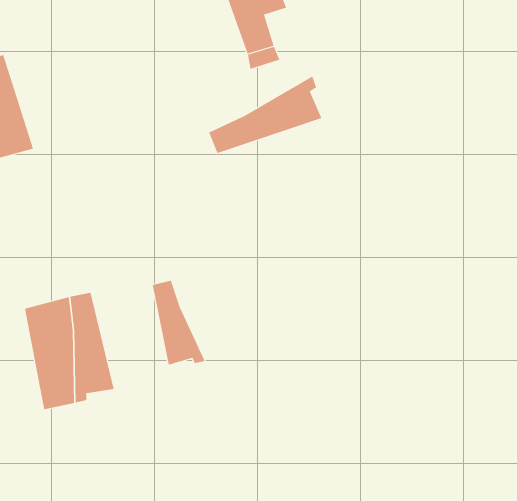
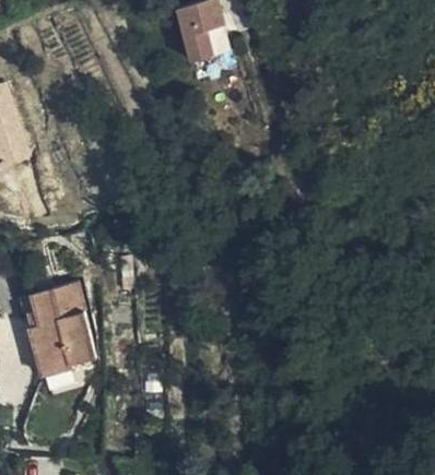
building: [208,75,322,154] -> none
building: [152,280,205,366] -> none

